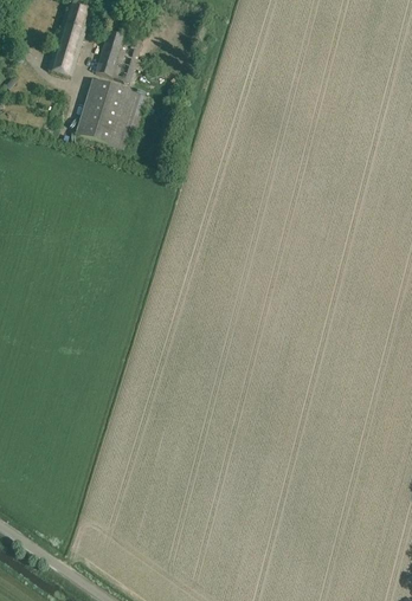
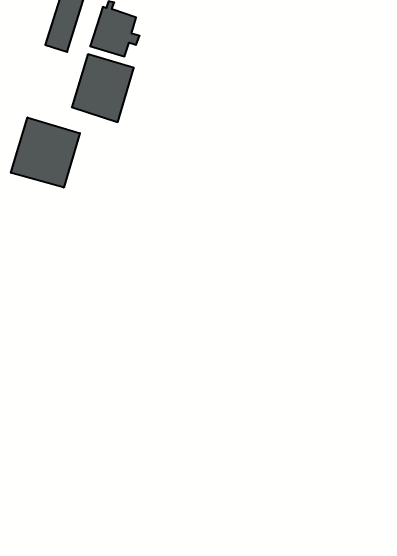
building: none -> [11,117,80,188]

